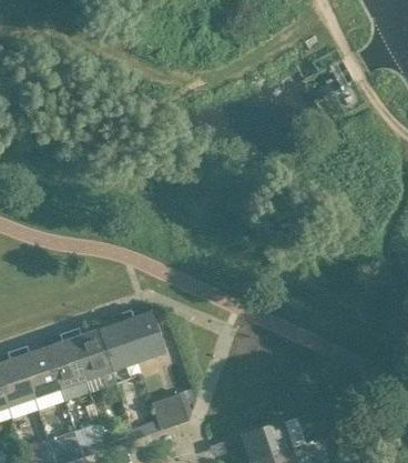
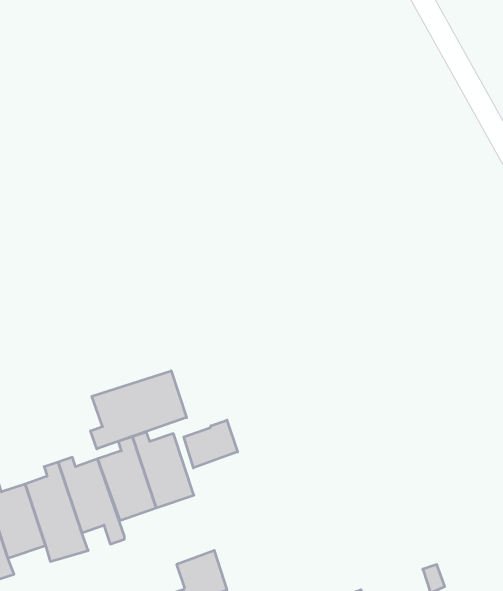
building: none -> [91,371,187,449]
building: none -> [184,420,238,468]

